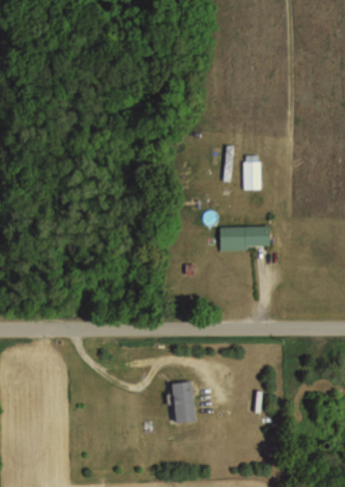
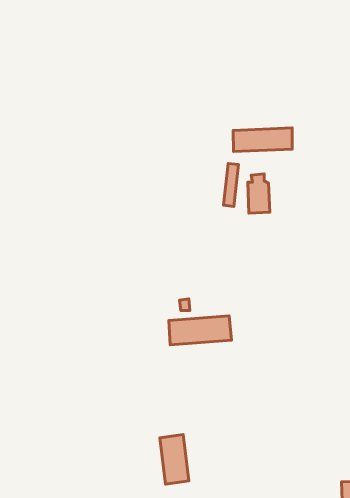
building: none -> [233,128,292,152]
building: [220,222,274,248] -> [169,316,231,345]

